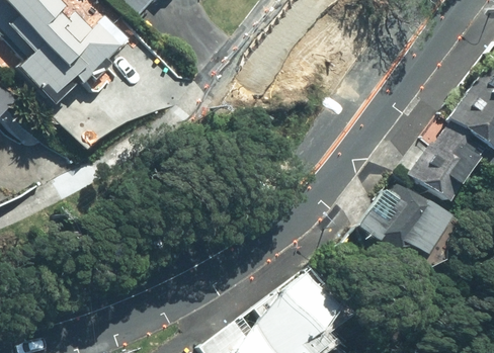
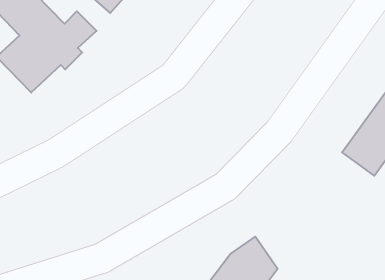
building: [358,179,446,259] -> none

